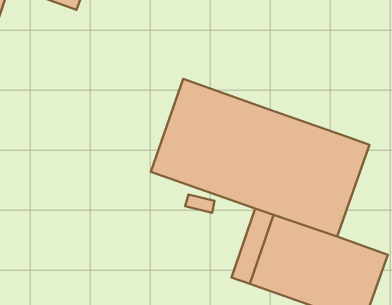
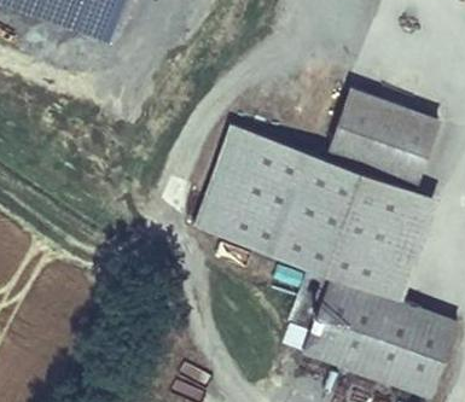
building: none -> [324,89,436,188]

